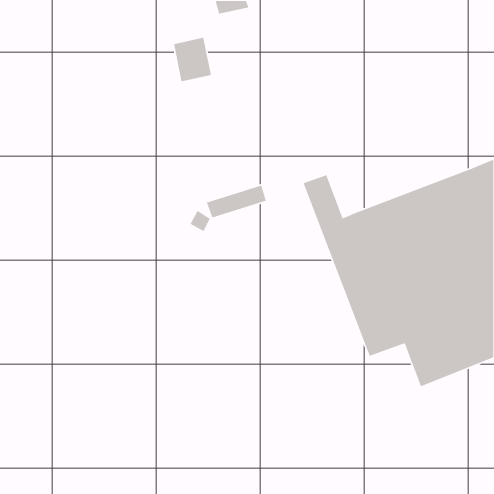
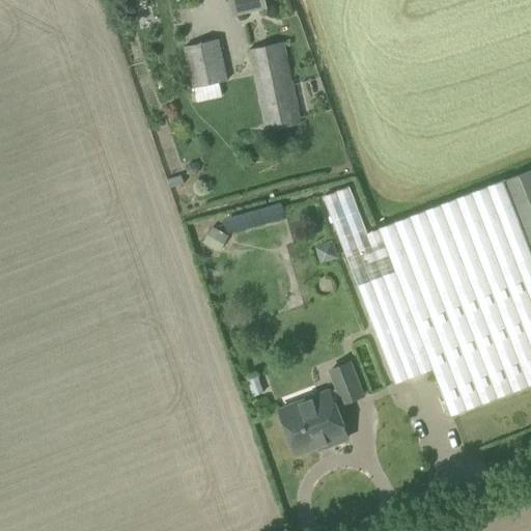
building: none -> [250,43,303,132]
building: none -> [280,362,363,453]

